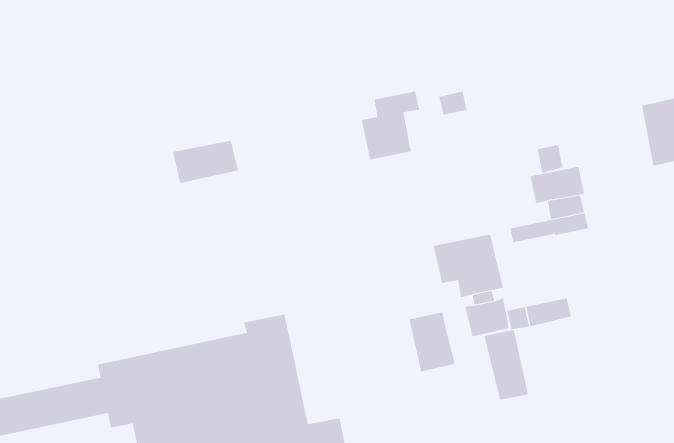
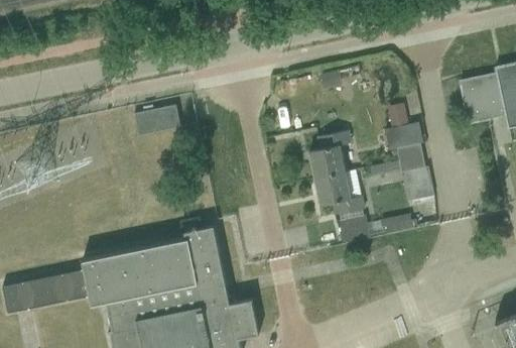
building: [361,91,420,160] -> [309,130,351,179]
building: none -> [401,166,433,201]
building: [409,311,455,372] -> none
building: [484,329,529,401] -> none

